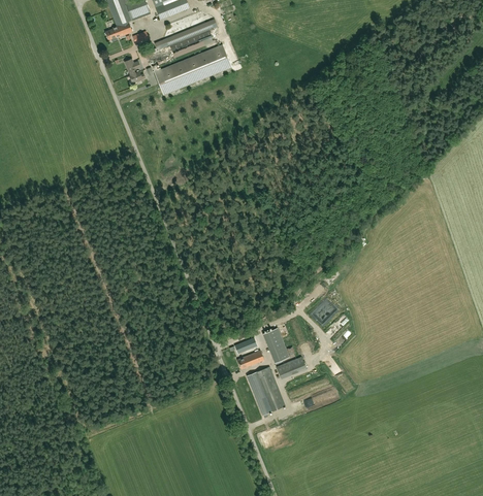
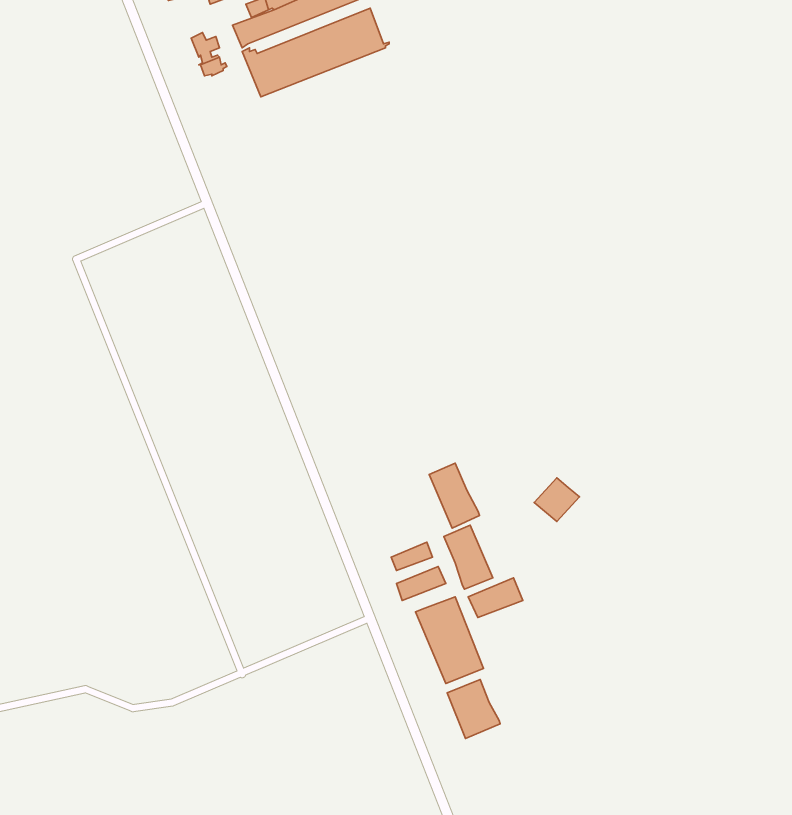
building: none -> [429,463,480,528]
building: none -> [447,680,500,738]

